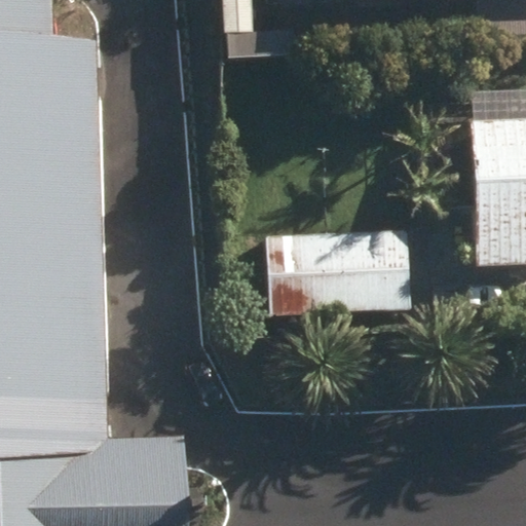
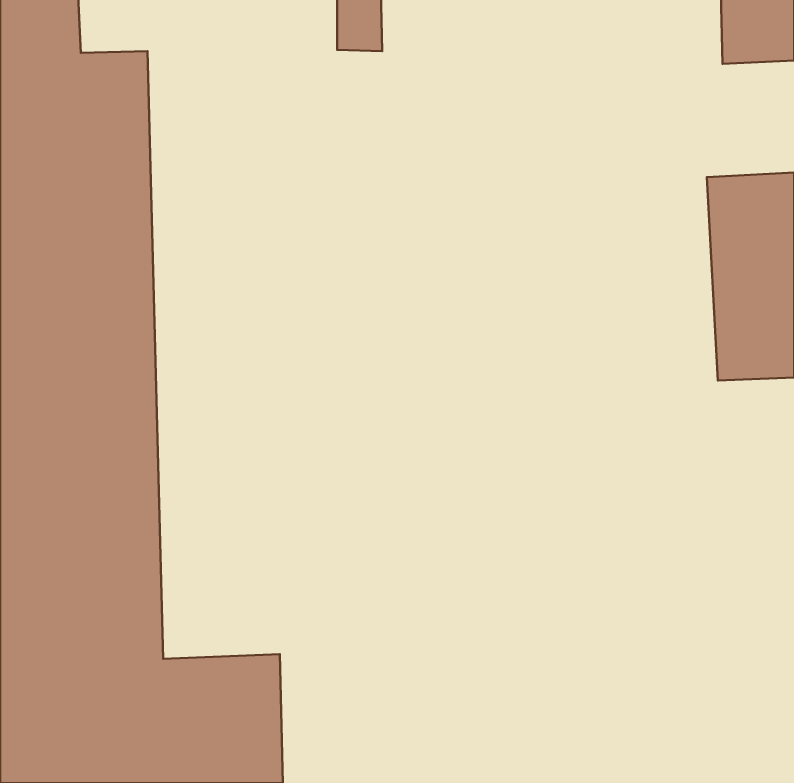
building: [252,232,401,320] -> none

